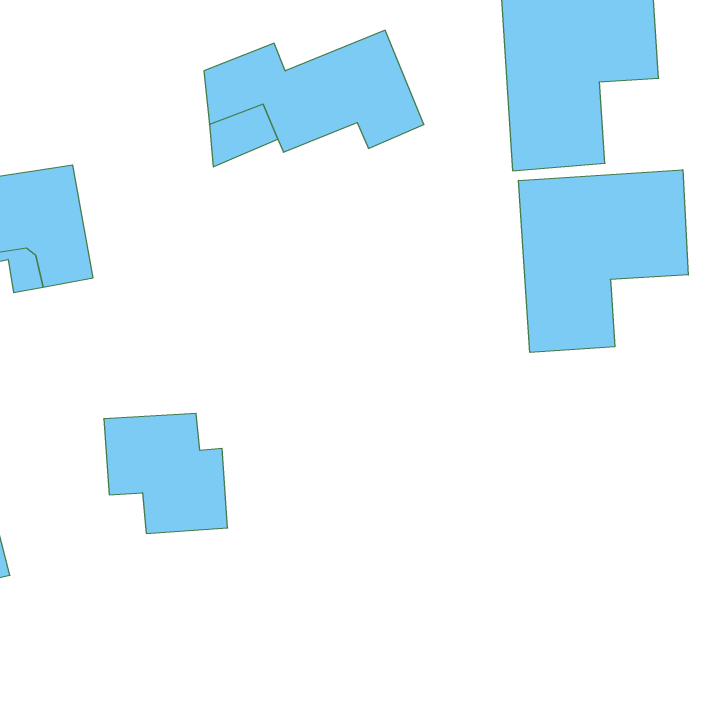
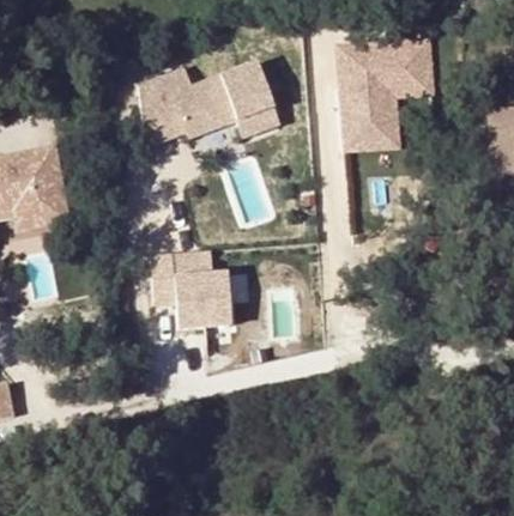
building: [518,170,688,352] -> none
building: [104,413,228,533] -> [151,249,231,327]

